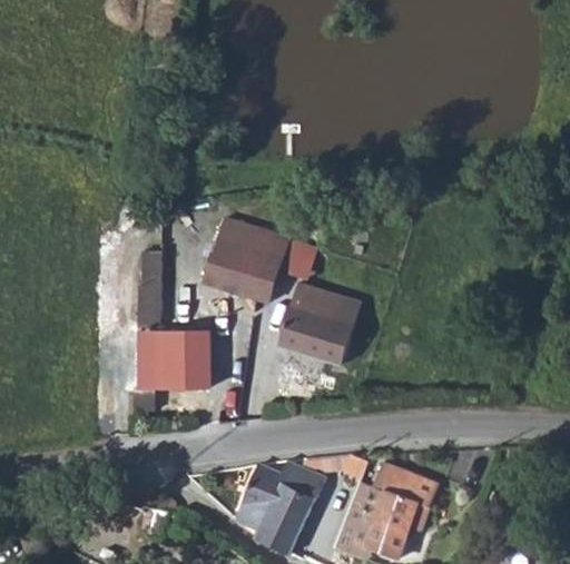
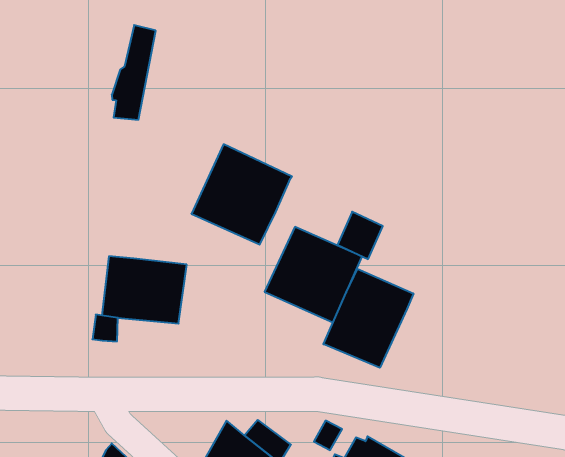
building: [278,241,316,281] -> [337,212,383,259]
building: [131,248,163,333] -> [112,25,156,120]
building: none -> [323,269,413,368]

